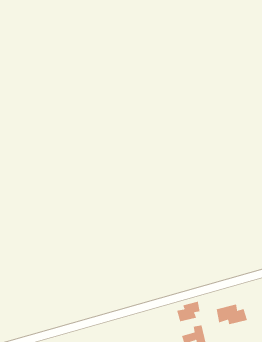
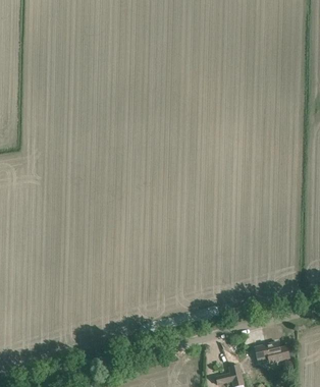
building: [176,301,200,322] -> none

